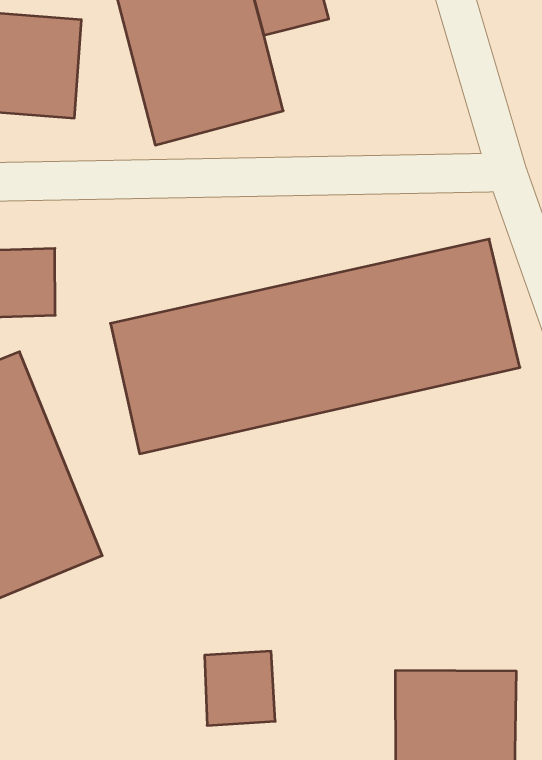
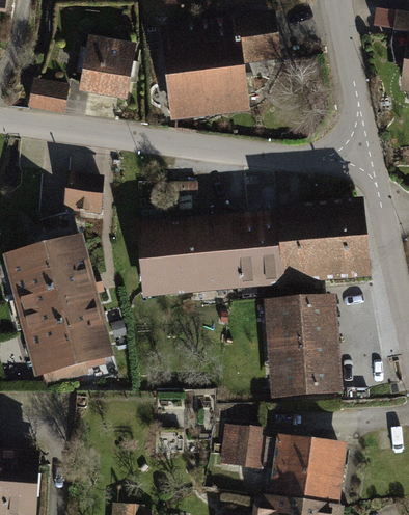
building: none -> [261,292,346,397]
building: [205,651,275,725] -> [222,425,264,467]

